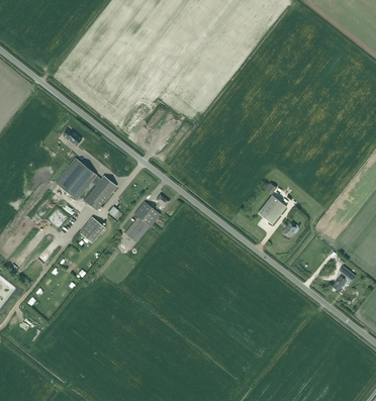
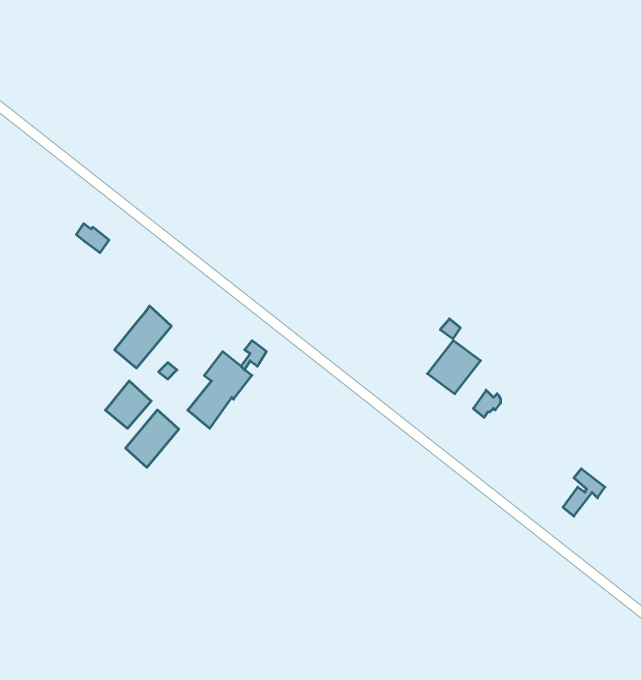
building: [56,158,101,198] -> none
building: none -> [126,410,179,467]

